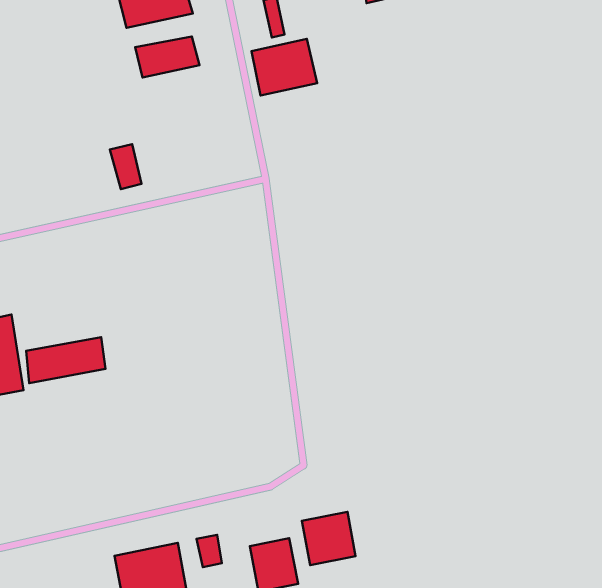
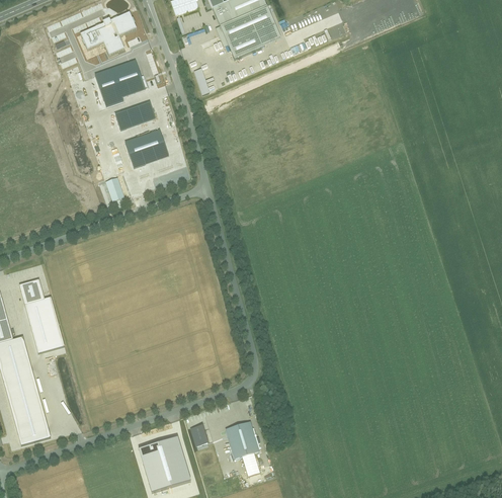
building: [251,39,317,95] -> [122,127,168,167]
building: [26,337,106,383] -> none
building: [302,512,356,565] -> none

